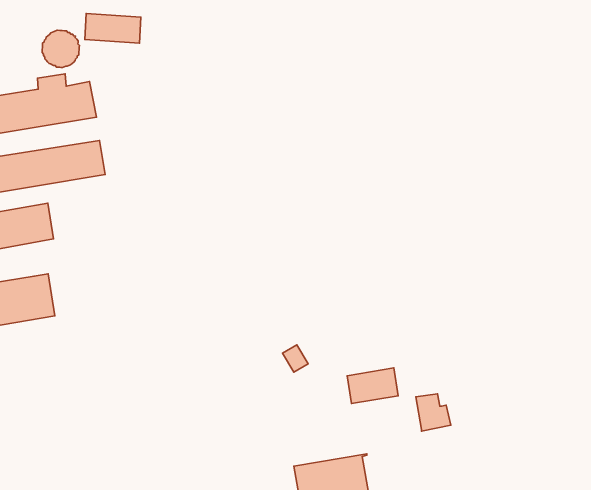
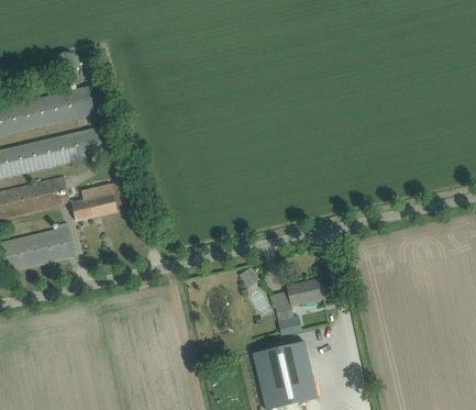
building: [85,14,141,43] -> none
building: none -> [71,181,128,221]
building: [416,394,451,431] -> [275,308,301,335]

